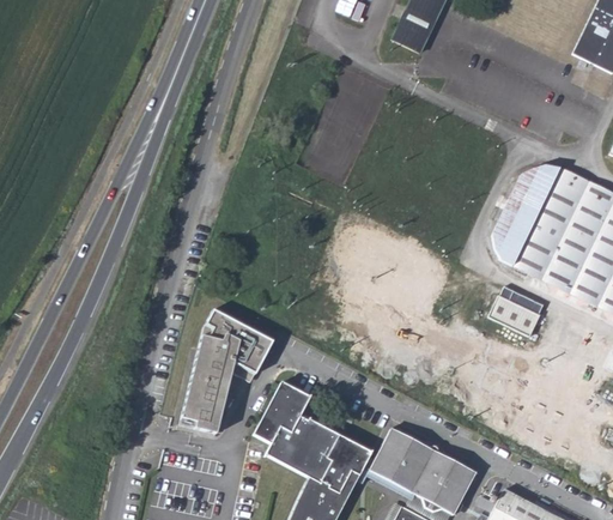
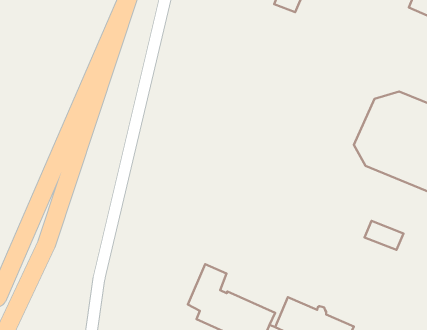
building: [486,295,539,335] -> [364,221,404,250]
building: [183,307,273,429] -> none

